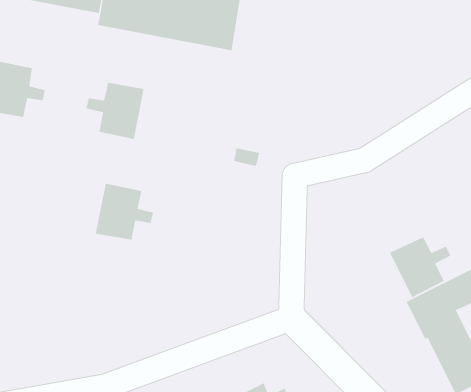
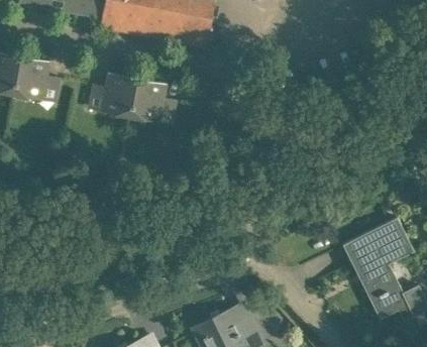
building: [95,183,154,241] -> [130,77,177,122]
building: [389,236,452,298] -> none

